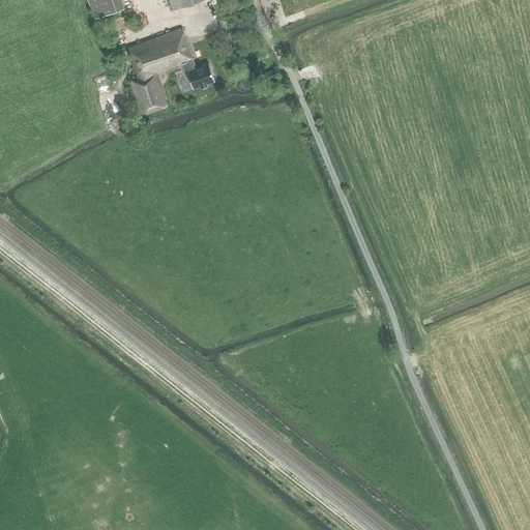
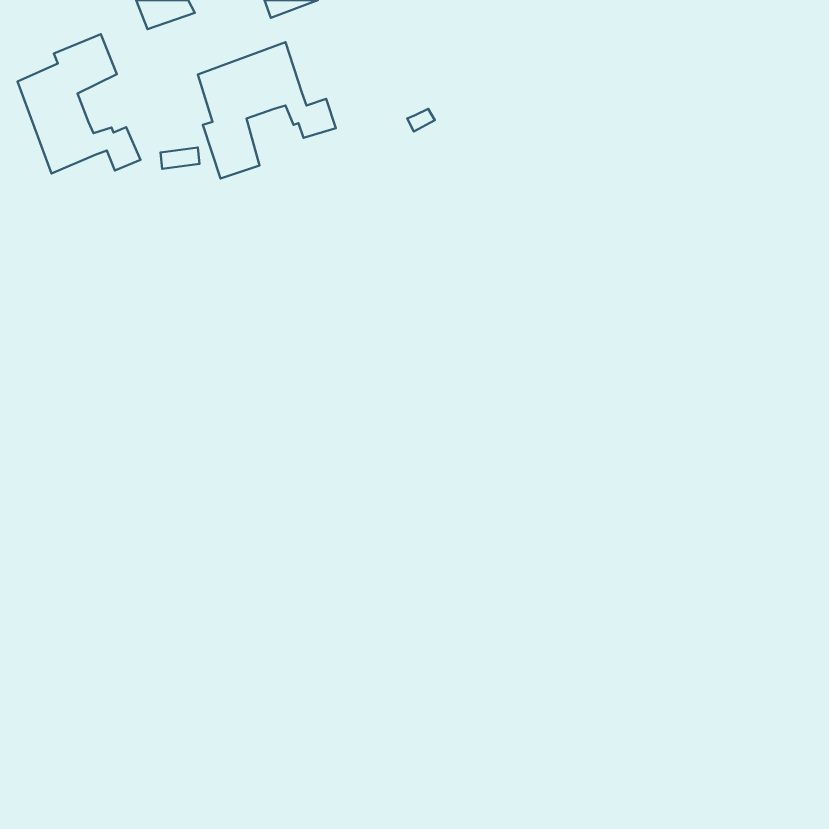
building: none -> [18,34,140,173]

